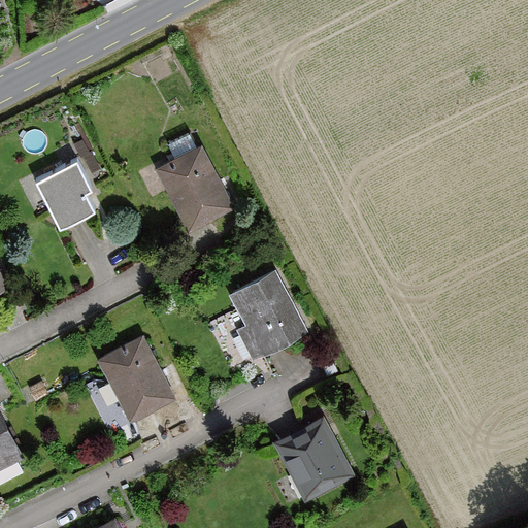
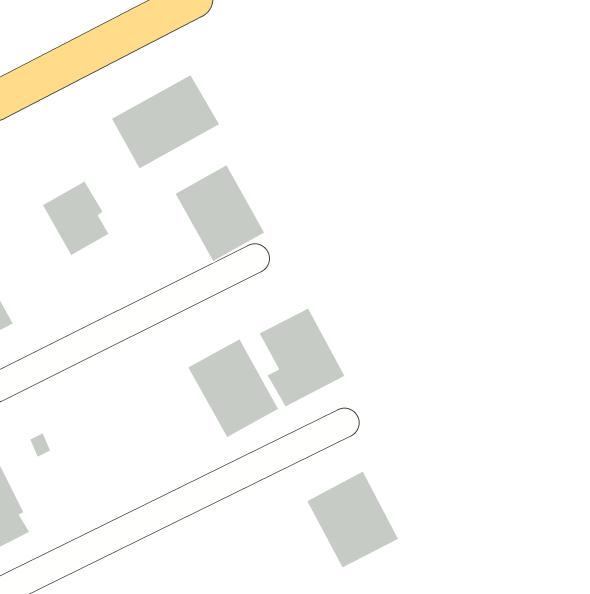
building: none -> [111,74,220,170]
building: [96,336,177,425] -> [187,338,279,438]

